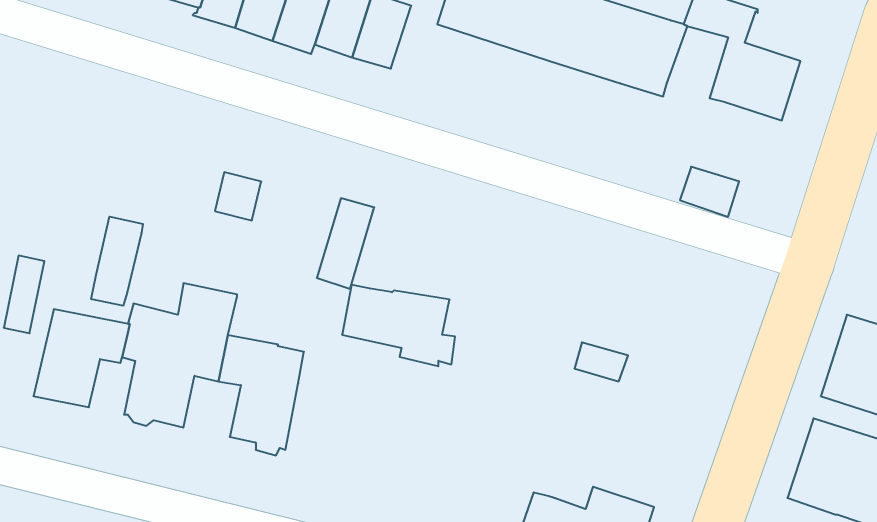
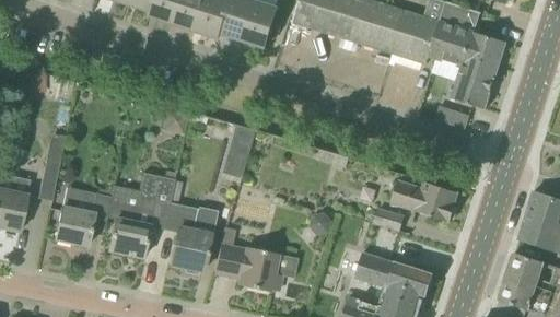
building: none -> [428,21,464,63]
building: none -> [452,66,495,108]
building: [91,217,143,306] -> none
building: [342,285,455,366] -> [213,244,280,292]
building: none -> [392,180,458,221]
building: none -> [354,251,432,305]

